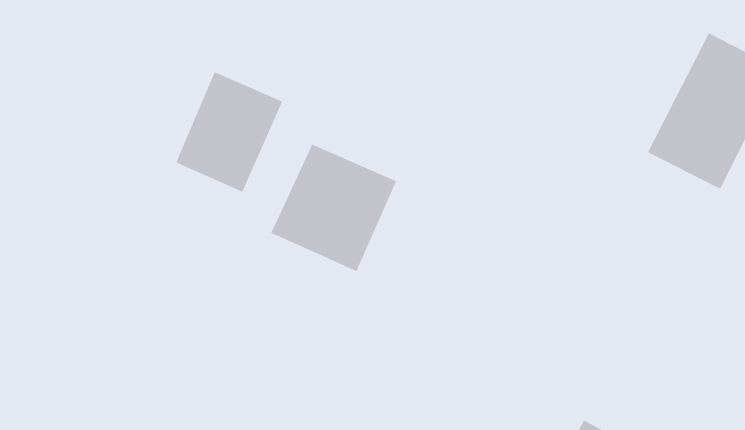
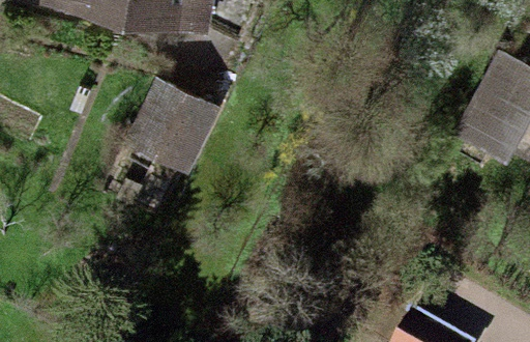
building: [270,143,397,272] -> none

